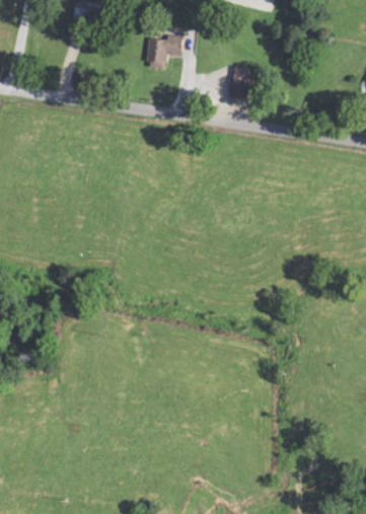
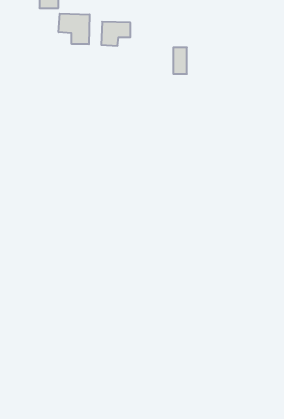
building: none -> [59,14,90,44]

